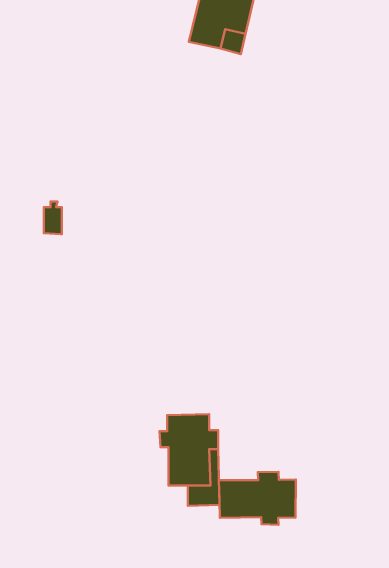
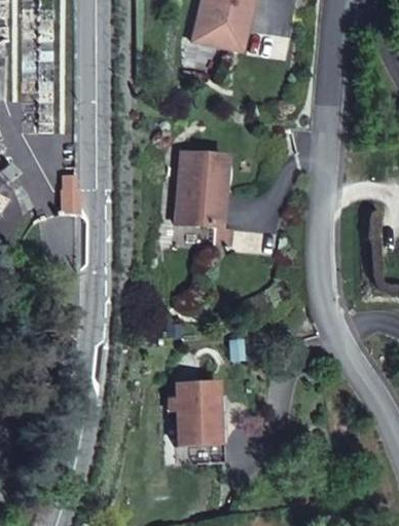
building: none -> [178,151,227,227]
building: [219,472,296,525] -> none

